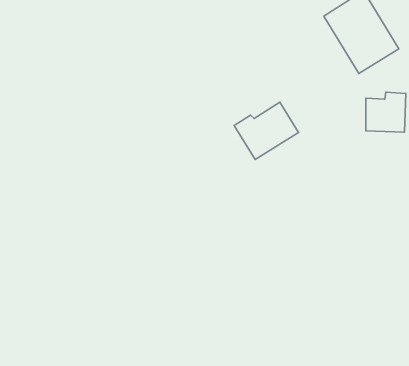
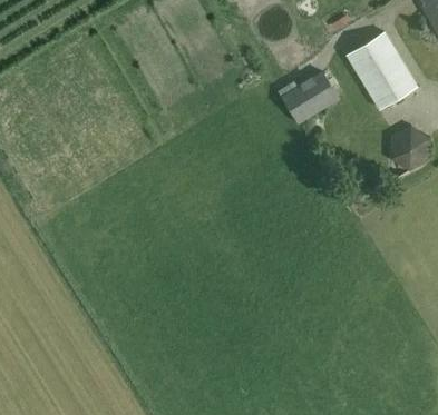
building: [234,102,299,159] -> [279,70,340,125]

